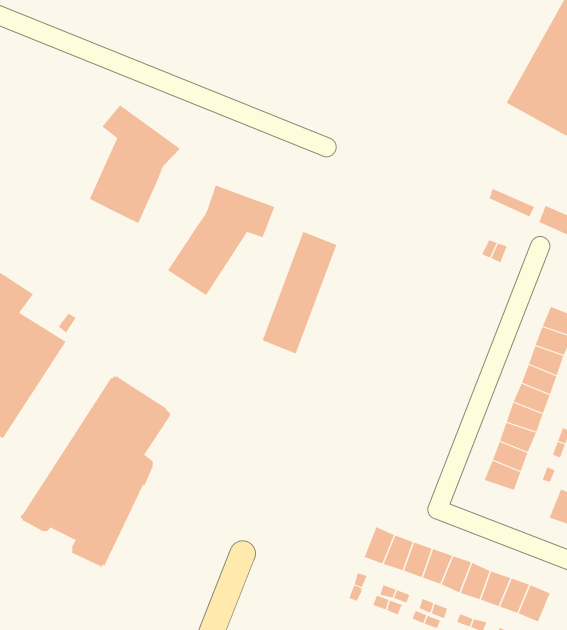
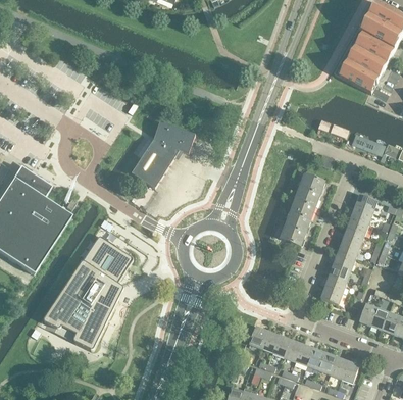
building: [89,104,181,224] -> none
building: [262,231,337,354] -> [280,172,324,246]

